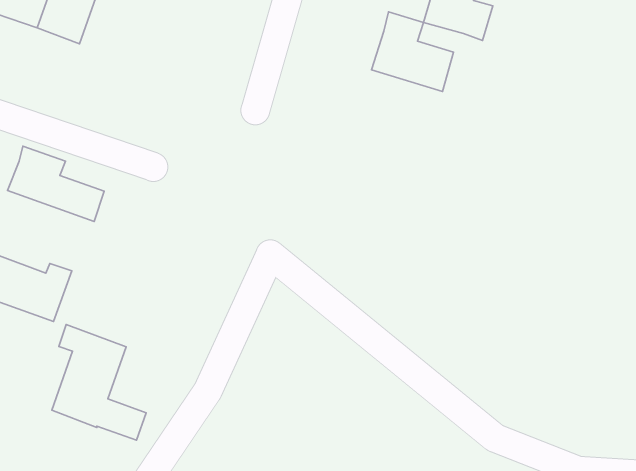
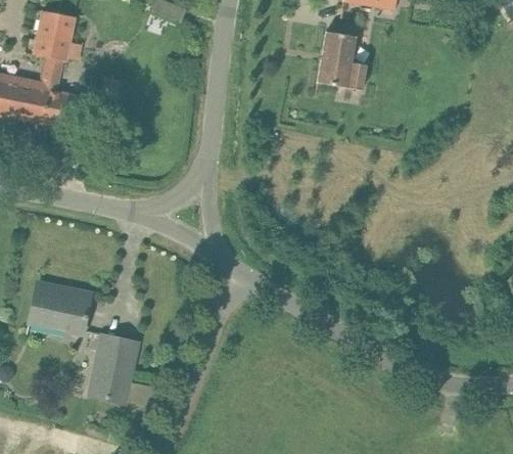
building: [371,12,454,91] -> none
building: [7,146,104,221] -> none

